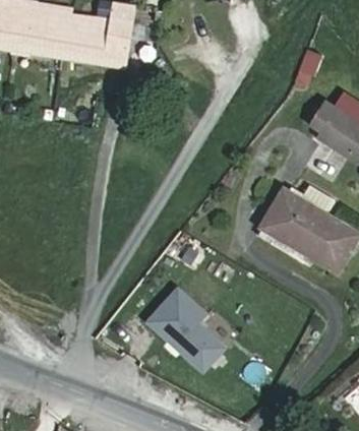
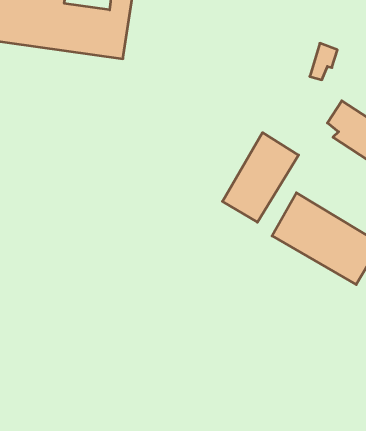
building: none -> [222,133,299,222]
building: [146,288,225,372] -> none

